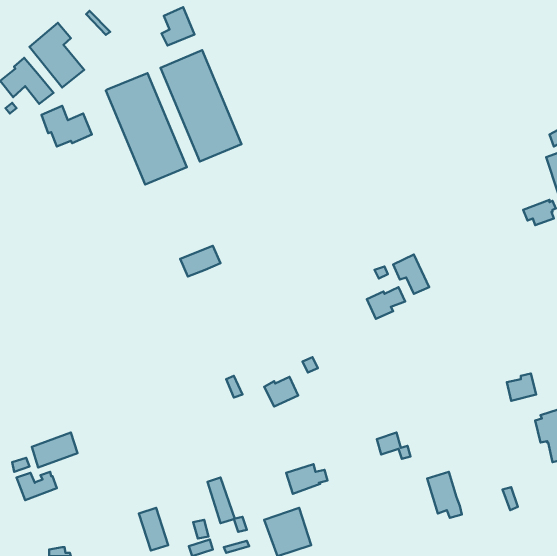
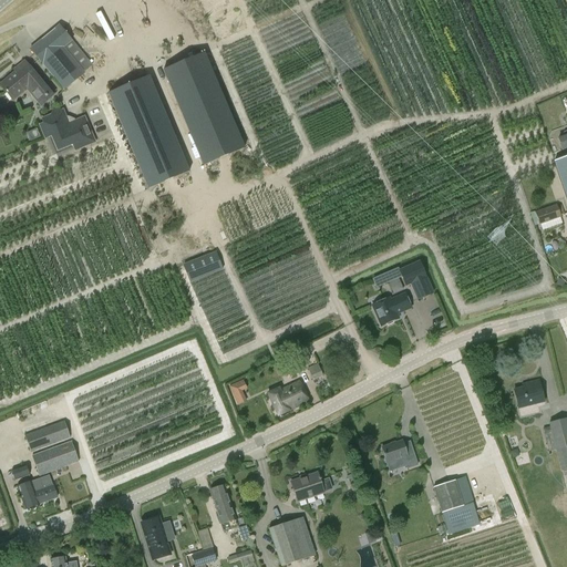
building: [162,7,194,46] -> none
building: none -> [25,419,72,451]

